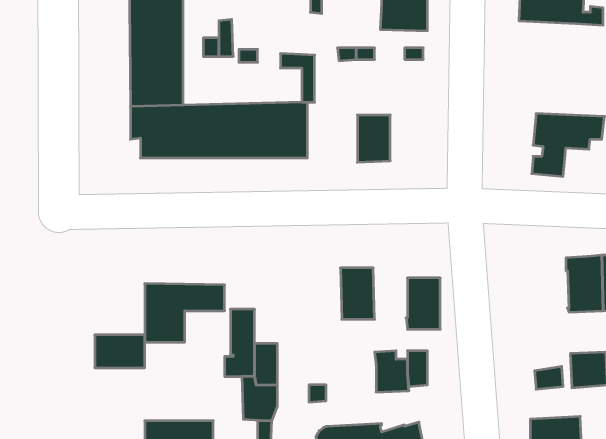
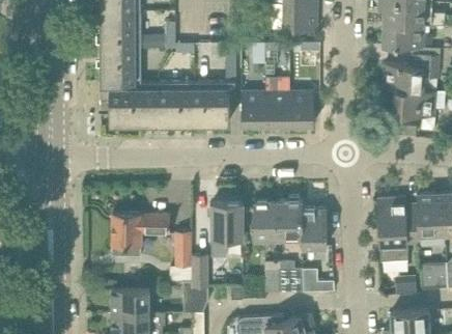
building: none -> [383,23,425,48]
building: none -> [383,54,440,91]
building: none -> [242,91,266,126]
building: none -> [290,91,314,124]
building: none -> [378,198,420,261]
building: none -> [278,201,303,240]
building: none -> [210,203,243,257]
building: [95,335,145,368] -> [112,289,148,313]

